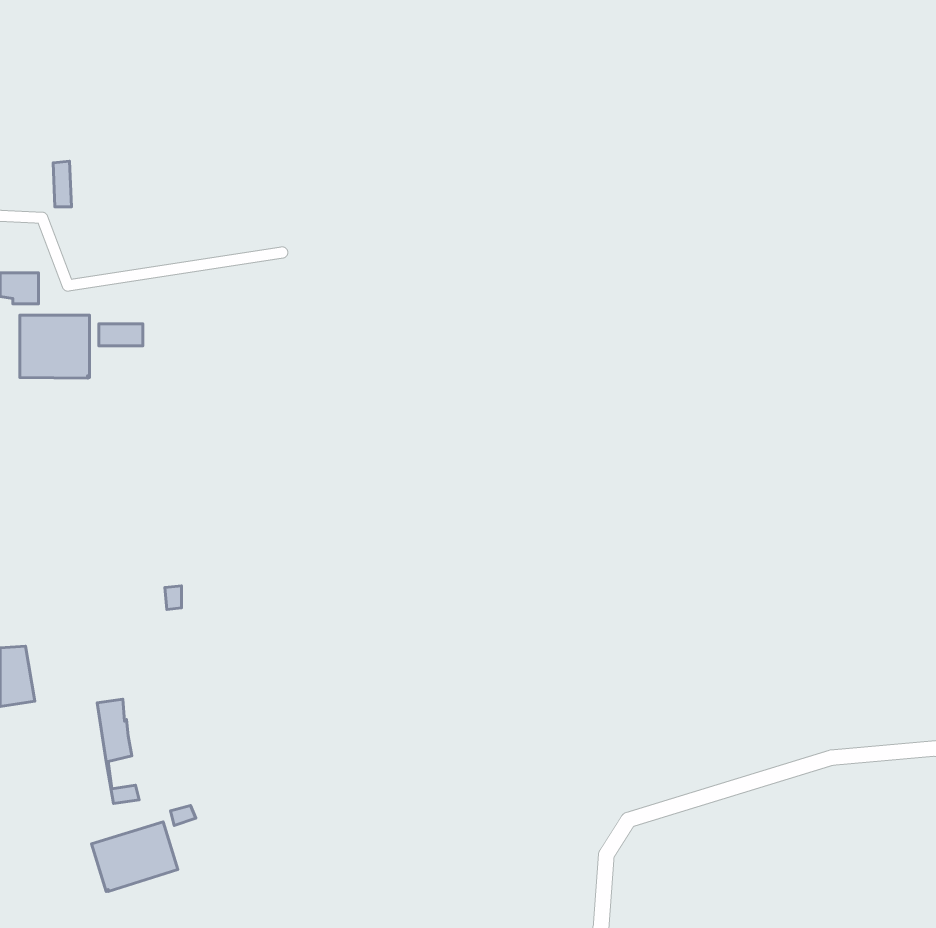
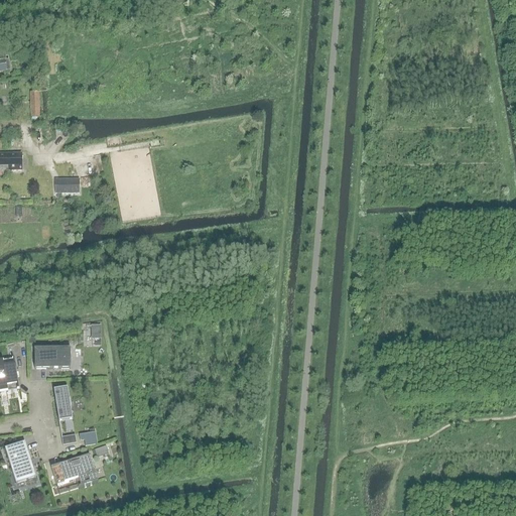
building: [20,315,90,378] -> none
building: none -> [34,346,71,366]
building: none -> [4,439,35,482]

